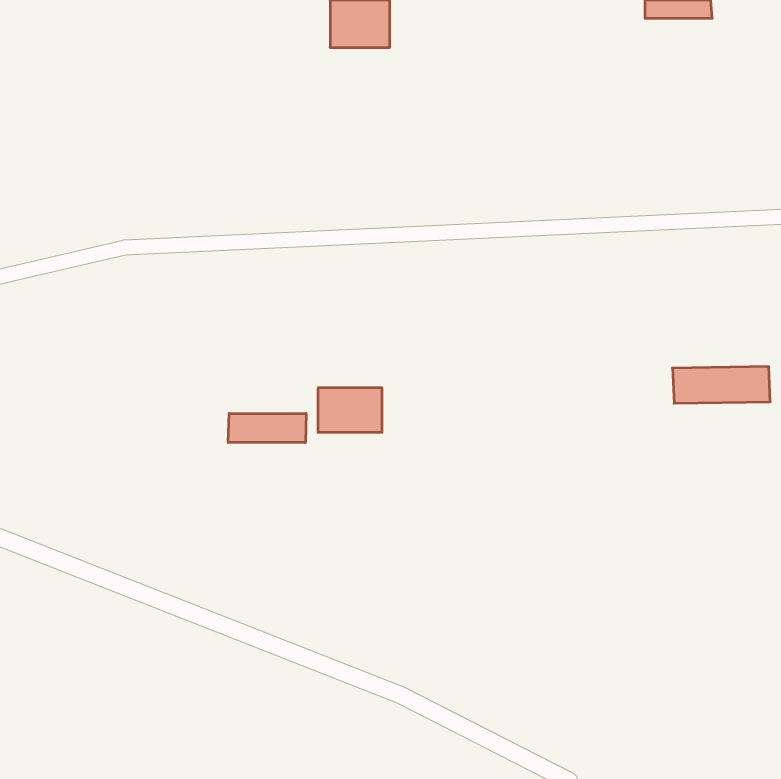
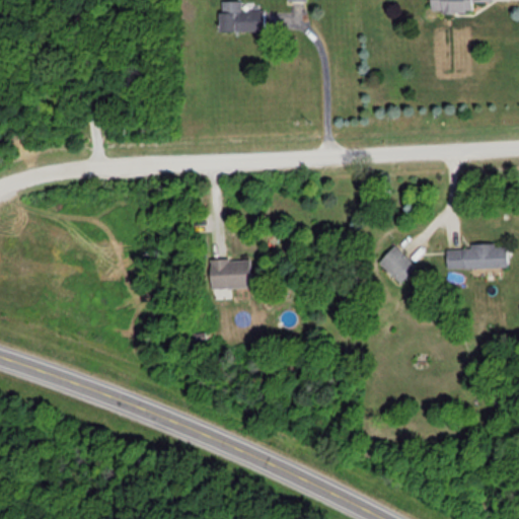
building: none -> [378,245,418,285]
building: [228,413,306,443] -> none

